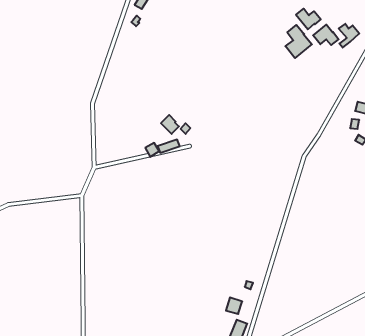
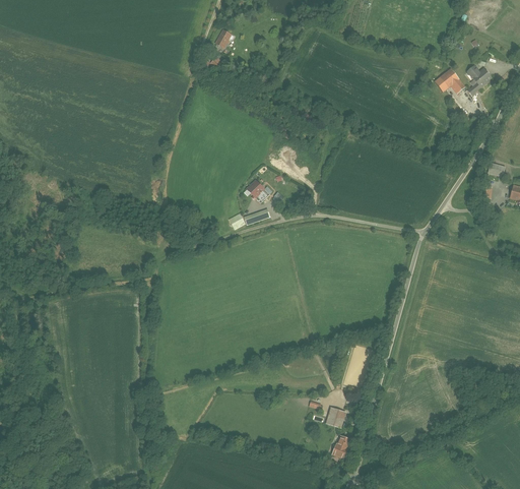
building: [296,9,321,29] -> none
building: [285,25,312,58] -> none

